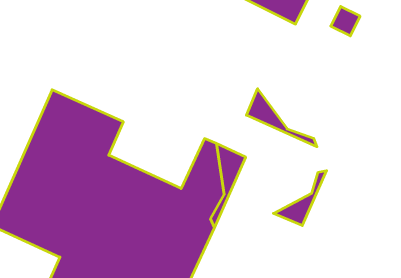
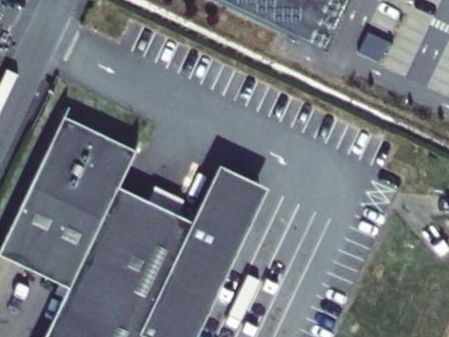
building: [246,89,317,147] -> none
building: [273,171,327,226] -> none

